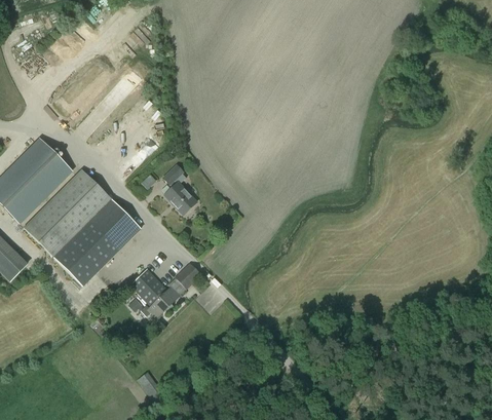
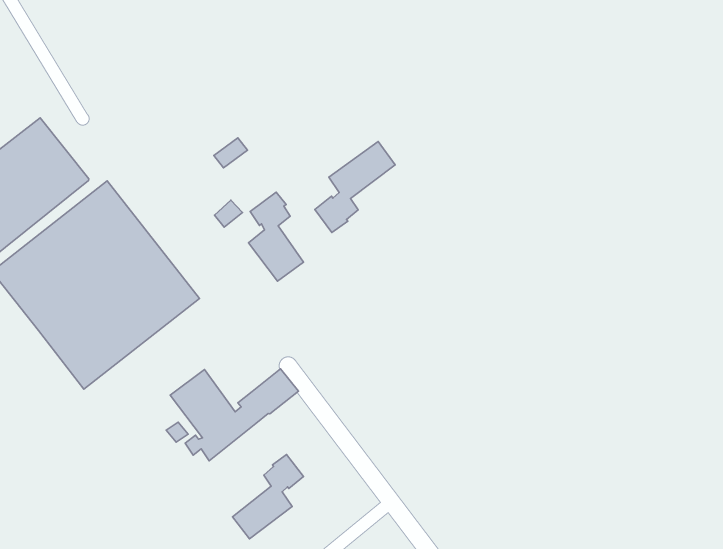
building: none -> [315,142,395,233]
building: none -> [233,455,303,539]

